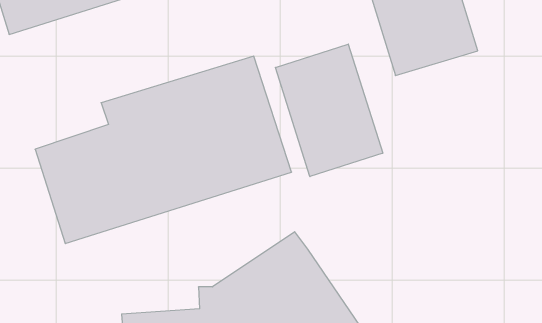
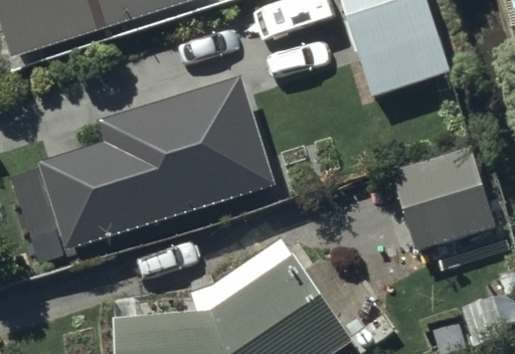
building: [275,44,383,177] -> none
building: none -> [388,148,492,249]

